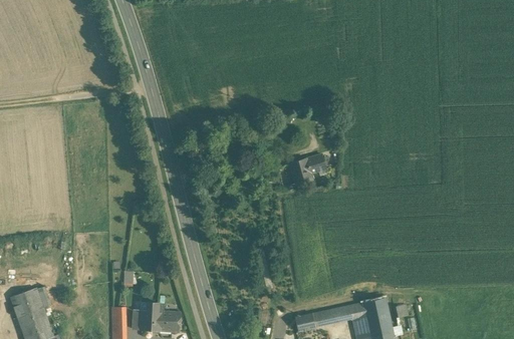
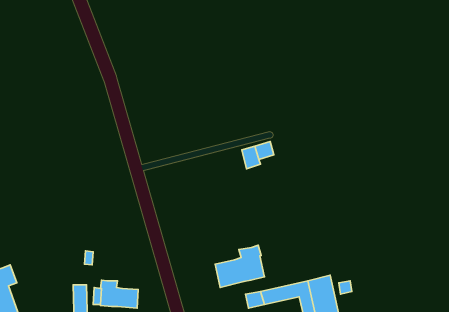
building: none -> [215,245,264,288]

